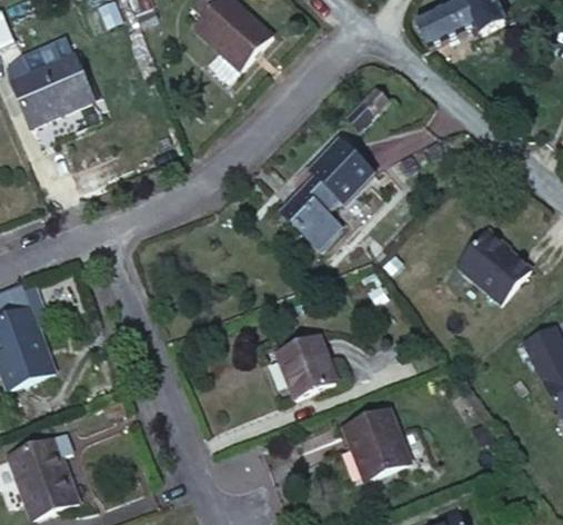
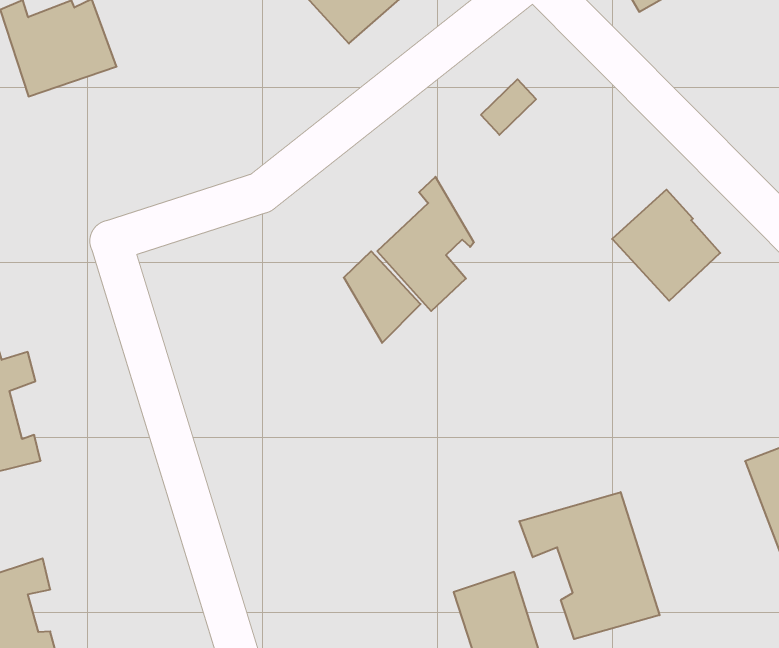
building: [309,141,361,201] -> [344,251,421,343]
building: [460,224,532,297] -> [612,190,720,301]
building: [274,339,332,400] -> none
building: none -> [519,492,660,639]

